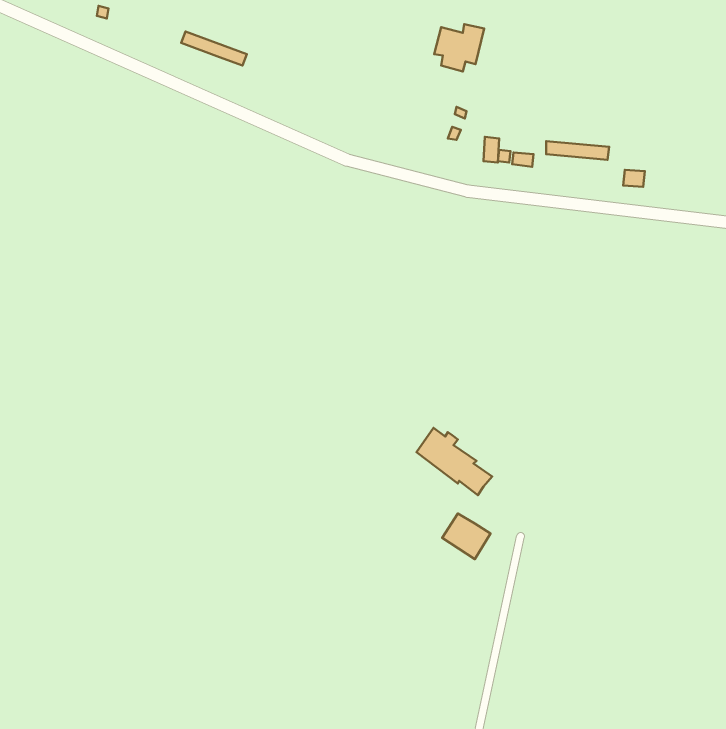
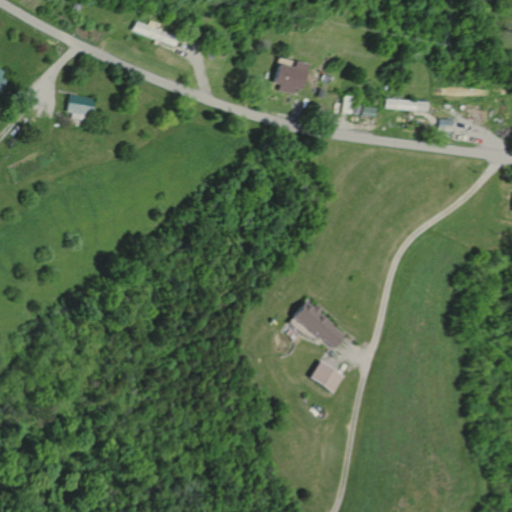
building: [434,24,484,71] -> [272,62,307,95]
building: none -> [66,95,94,121]

